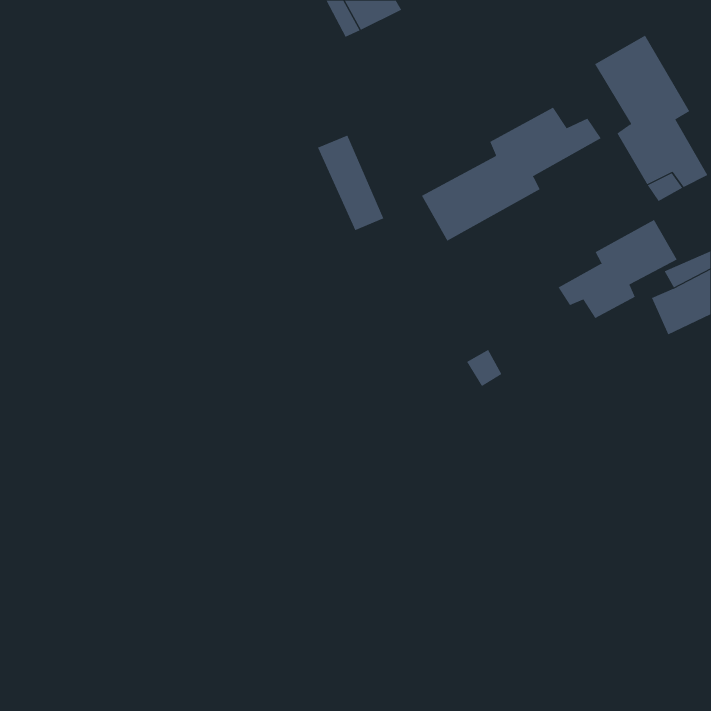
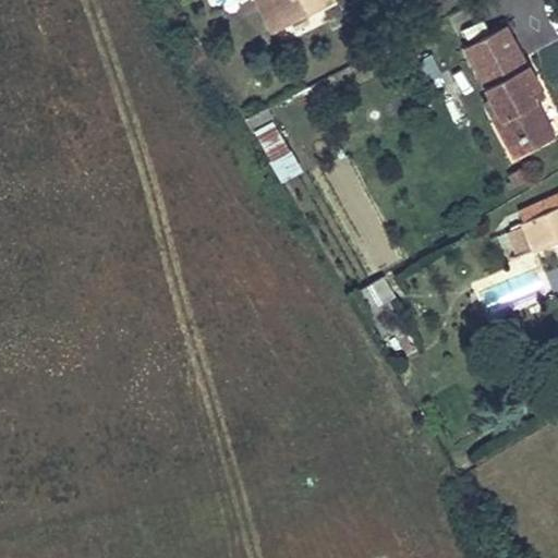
building: [421,107,601,241] -> none
building: [558,219,677,319] -> none

